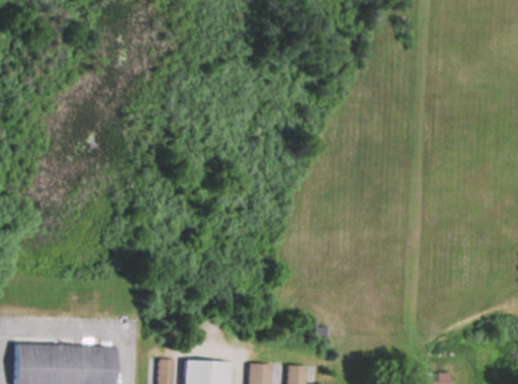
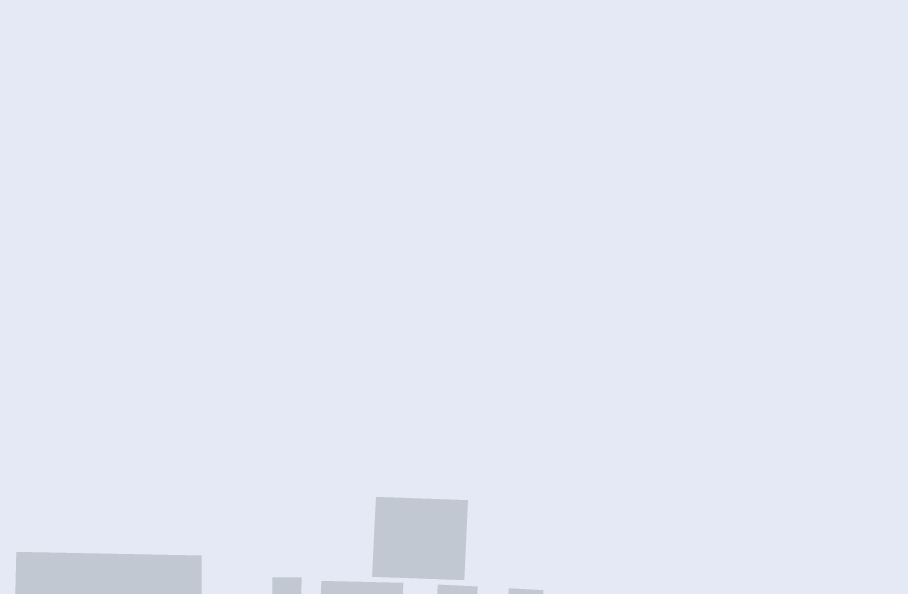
building: none -> [372,496,469,581]

